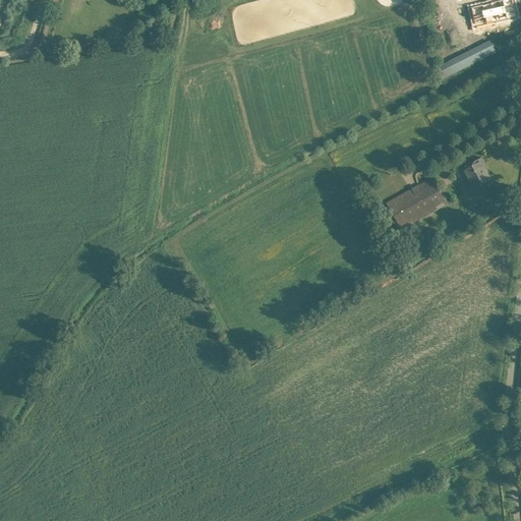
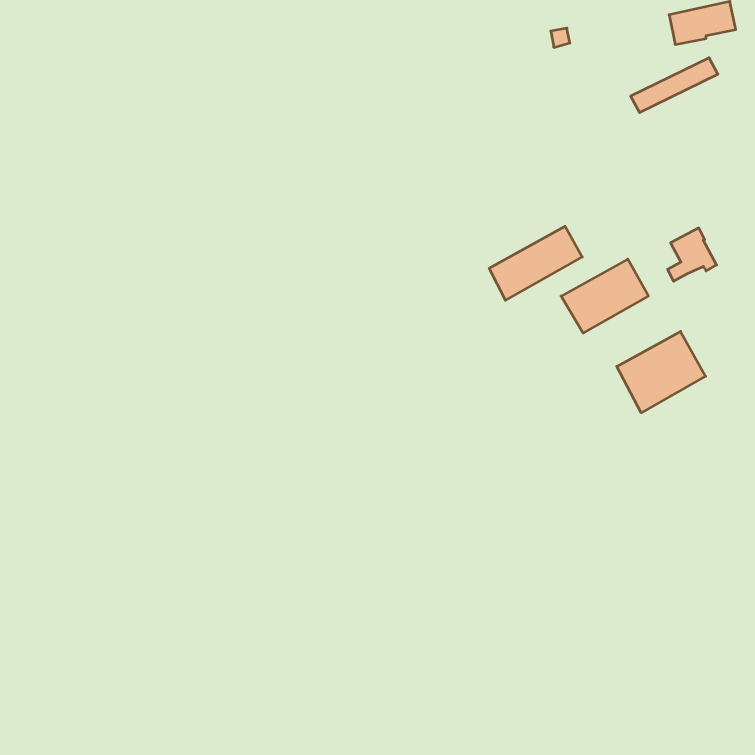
building: none -> [489,226,582,300]
building: none -> [617,331,706,413]

